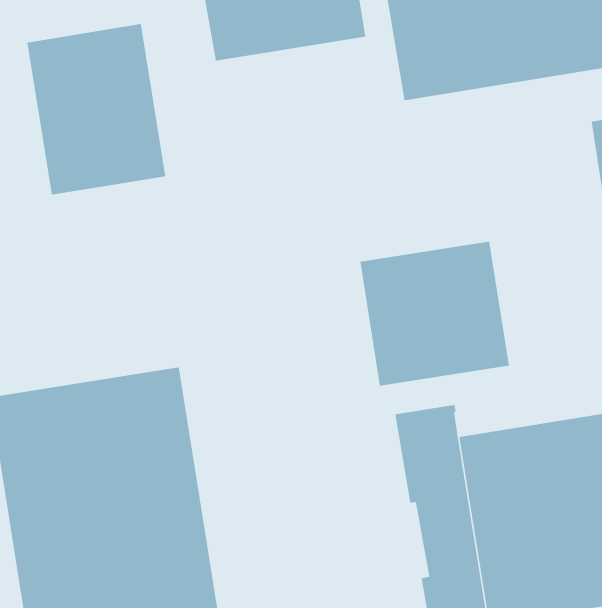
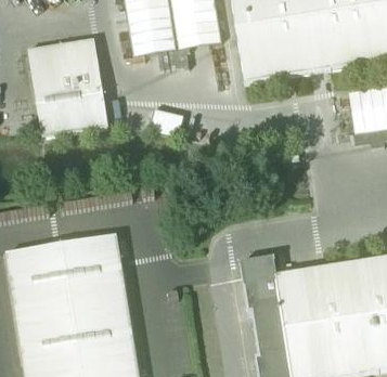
building: [360,241,509,386] -> none

